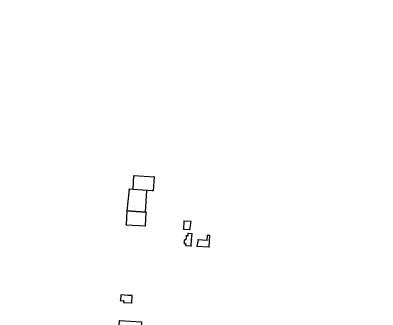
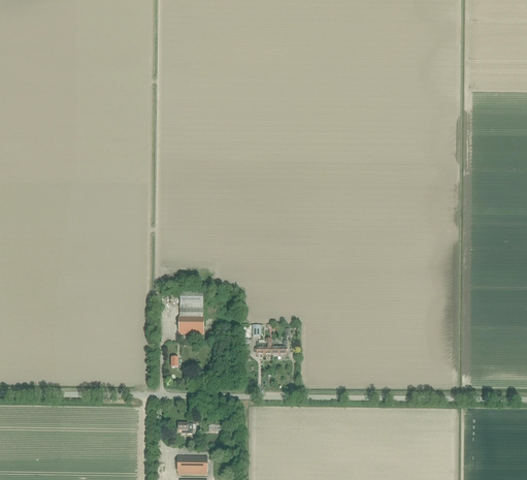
building: [133,176,154,191] -> none

